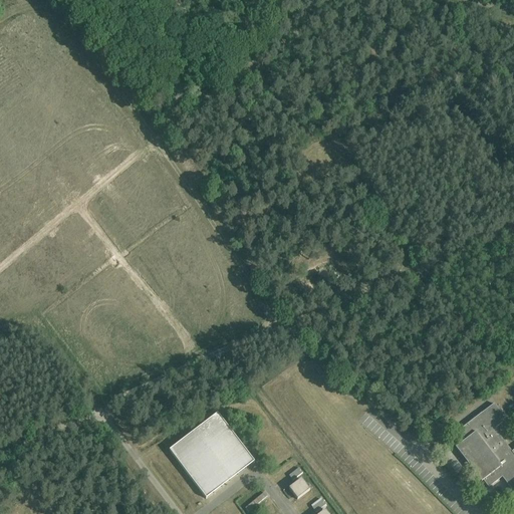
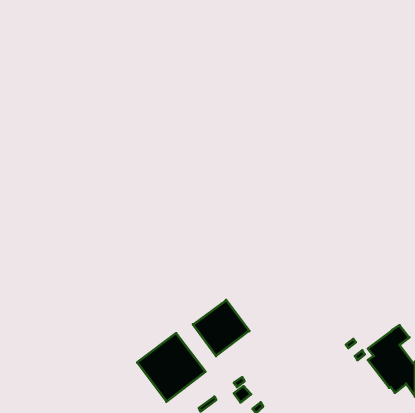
building: none -> [193,300,249,356]

